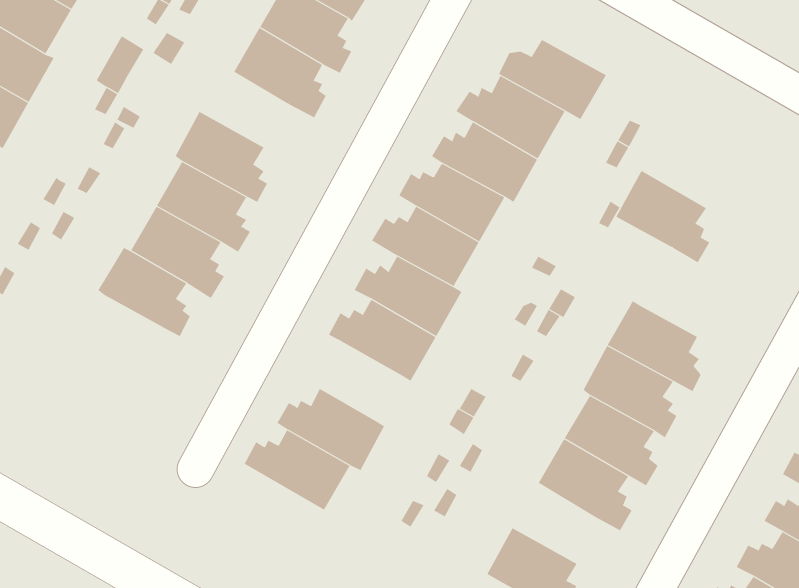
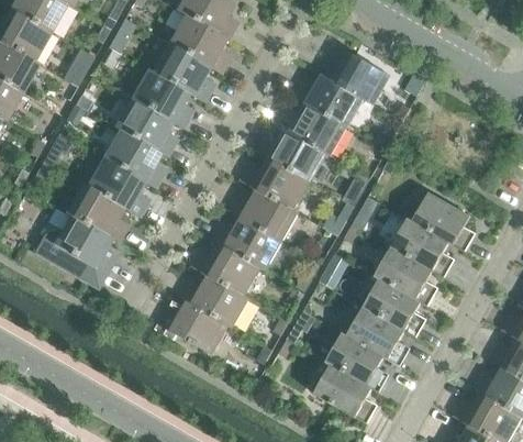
building: none -> [130,70,190,128]
building: [616,170,710,263] -> [412,192,472,252]
building: none -> [35,216,113,289]
building: none -> [191,244,259,296]
building: none -> [325,333,386,391]

